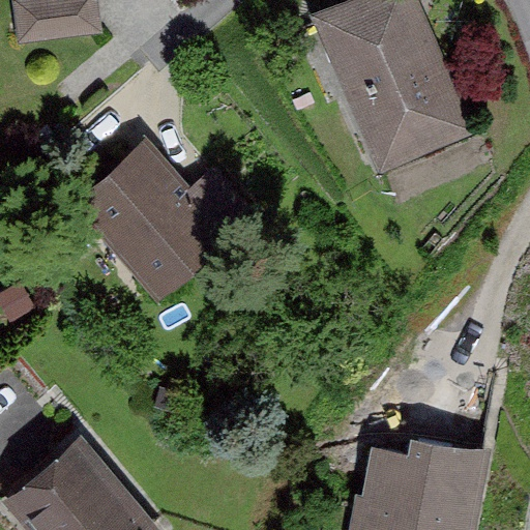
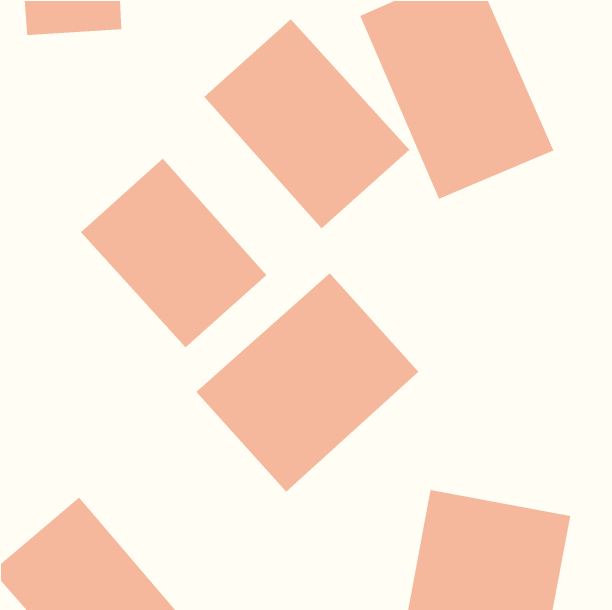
building: none -> [204,19,410,229]
building: none -> [196,273,419,493]

